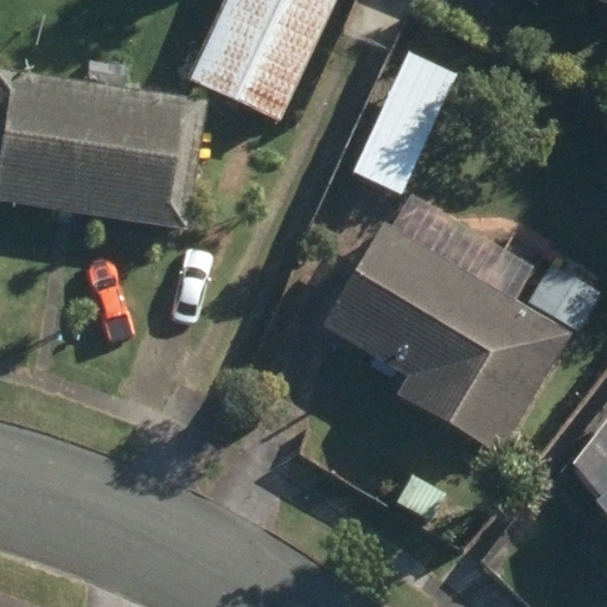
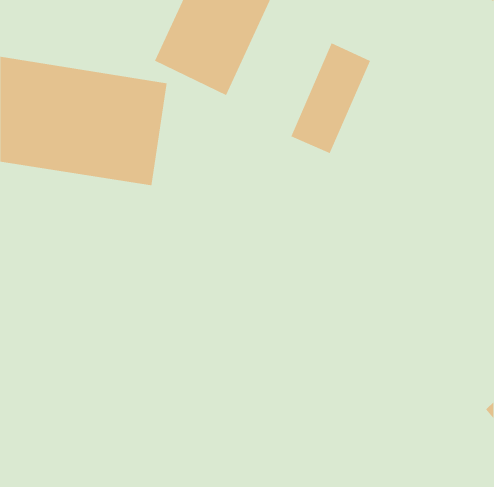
building: [326,225,570,454] -> none

